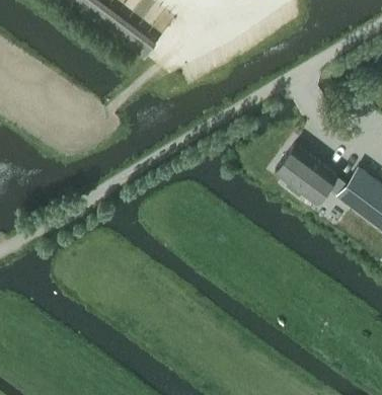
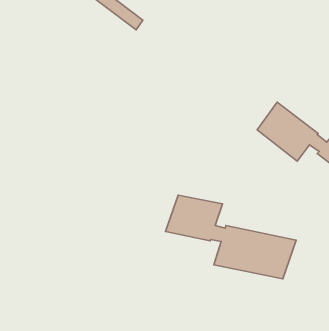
building: none -> [166,195,296,279]

